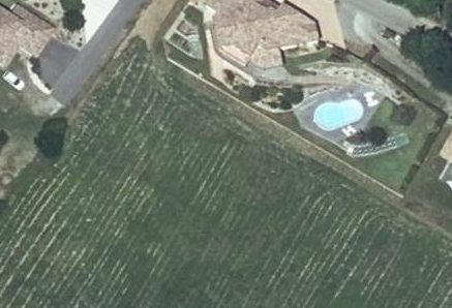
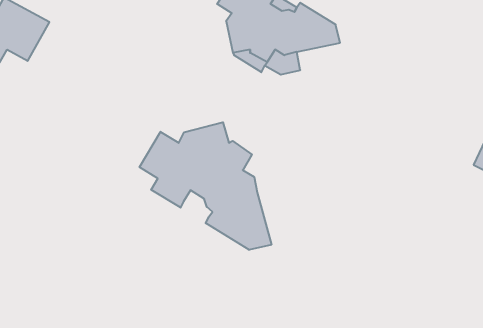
building: none -> [140,122,271,250]

